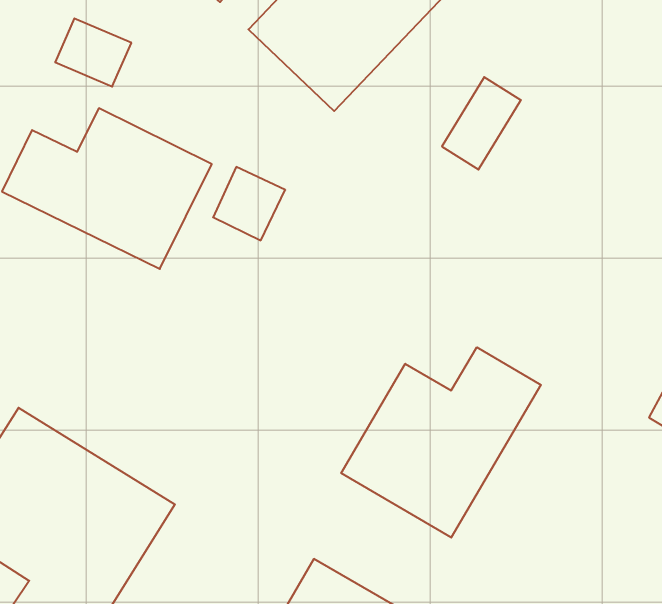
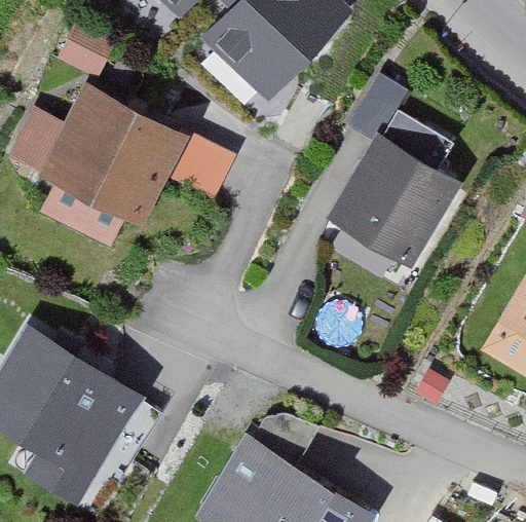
building: none -> [333,135,467,267]
building: [341,347,541,538] -> none

